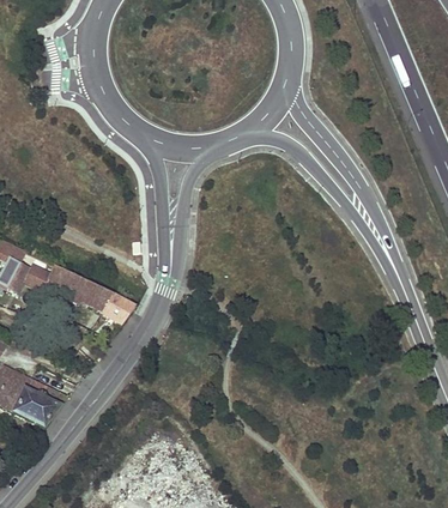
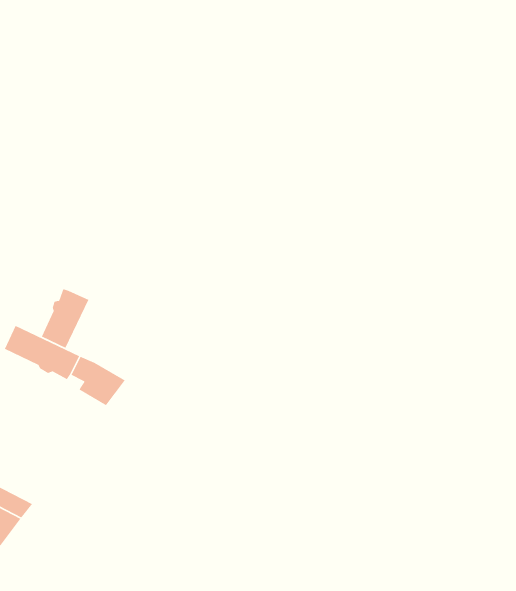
building: none -> [41,288,89,349]

